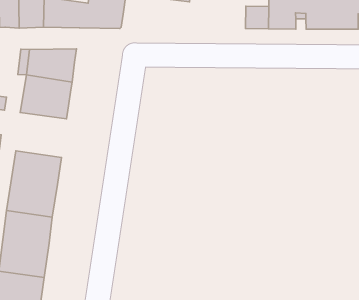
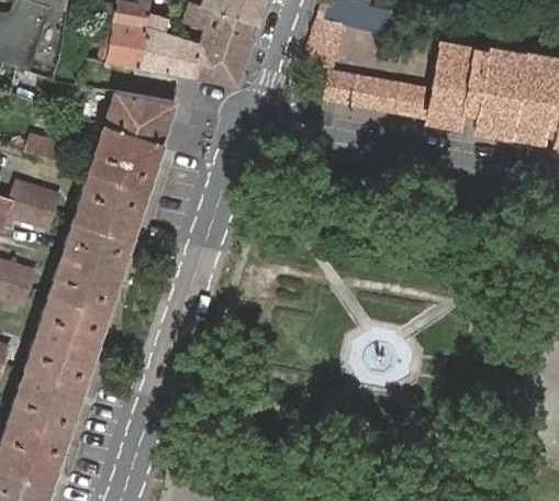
building: none -> [327,71,404,114]
building: none -> [76,171,148,238]

